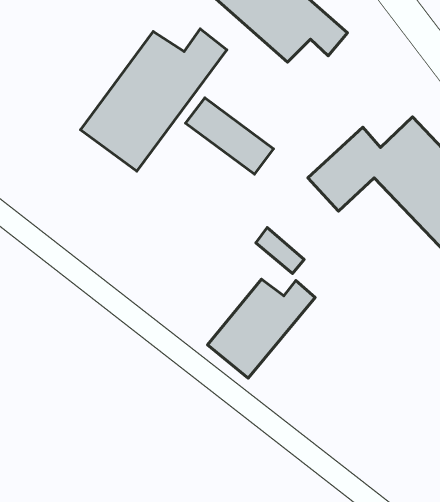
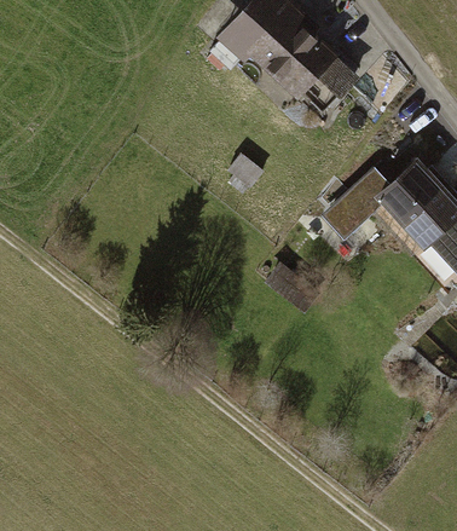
building: [80,29,227,171] -> none
building: [208,279,315,378] -> none

